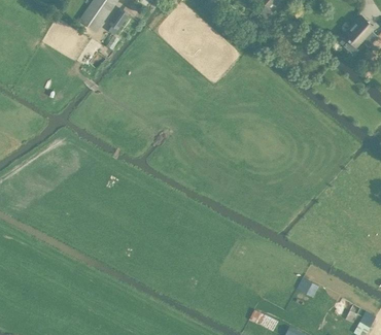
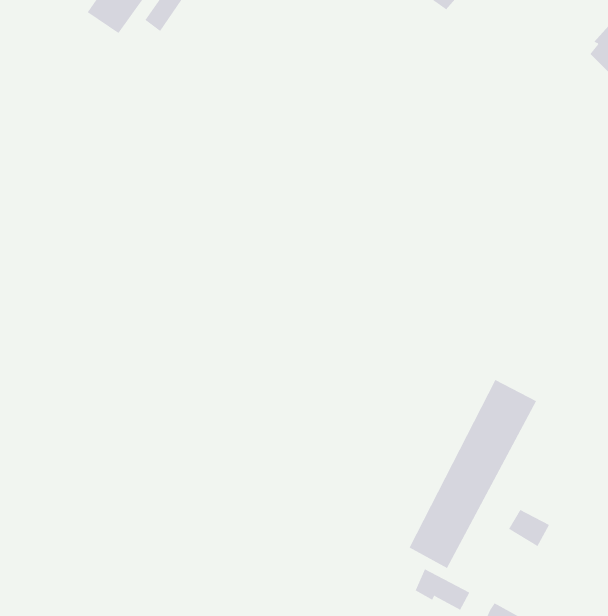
building: none -> [409,379,537,569]

